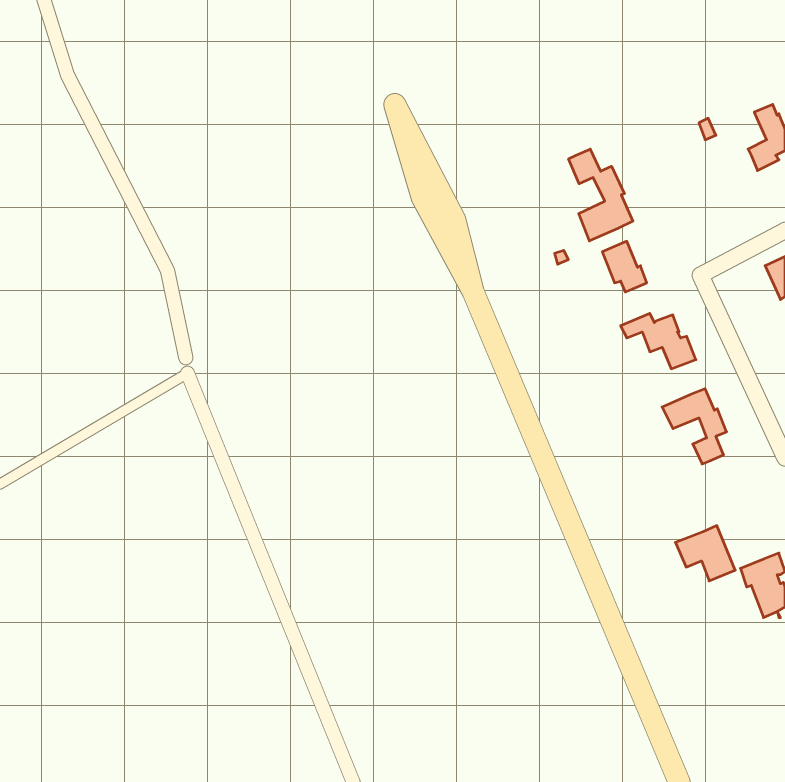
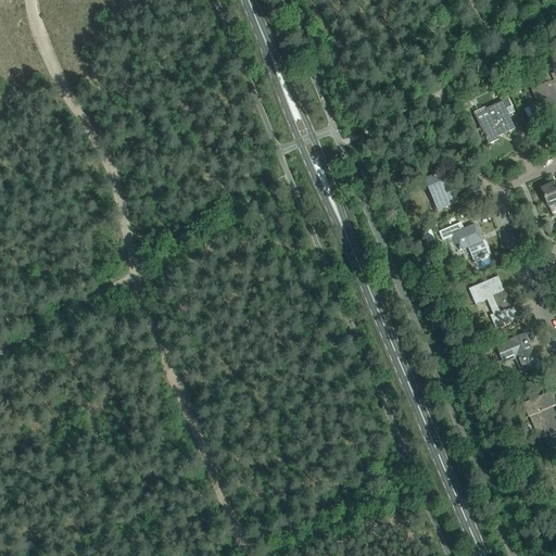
building: none -> [478,100,515,142]
building: [569,149,633,241] -> none
building: [675,526,735,581] -> [496,332,539,371]

